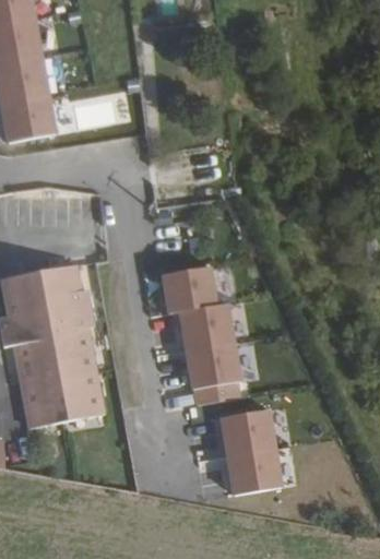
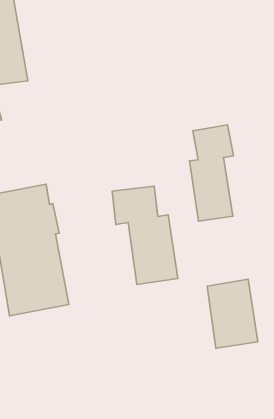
building: none -> [189,125,234,221]
building: [219,408,283,495] -> [207,279,258,348]

